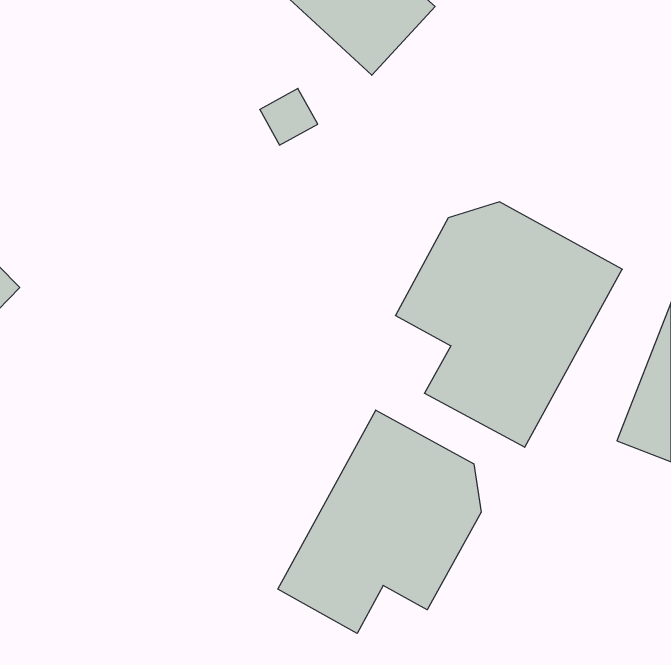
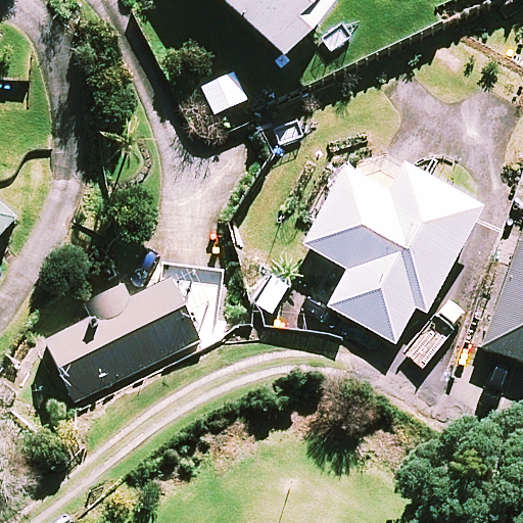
building: none -> [46,278,200,398]
building: [278,410,481,633] -> none

